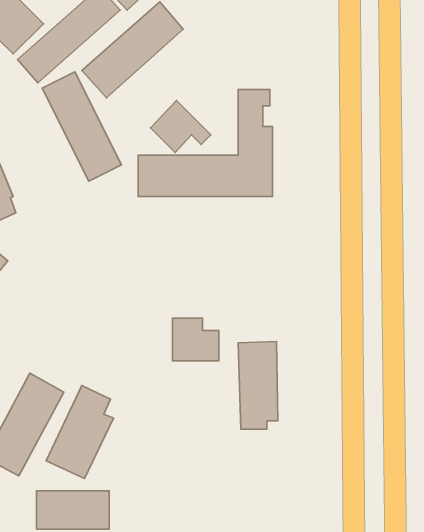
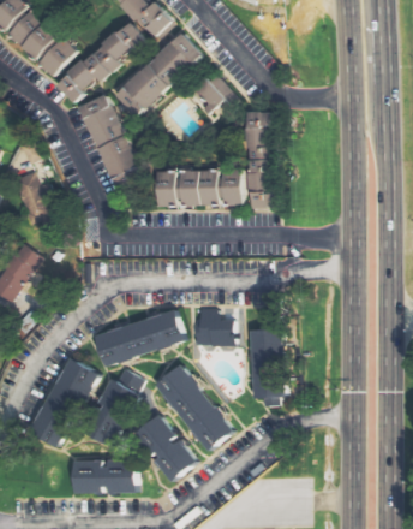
building: [150,101,211,153] -> [185,65,238,111]
building: none -> [92,311,184,364]
building: none -> [152,365,231,453]
building: none -> [131,416,193,485]

